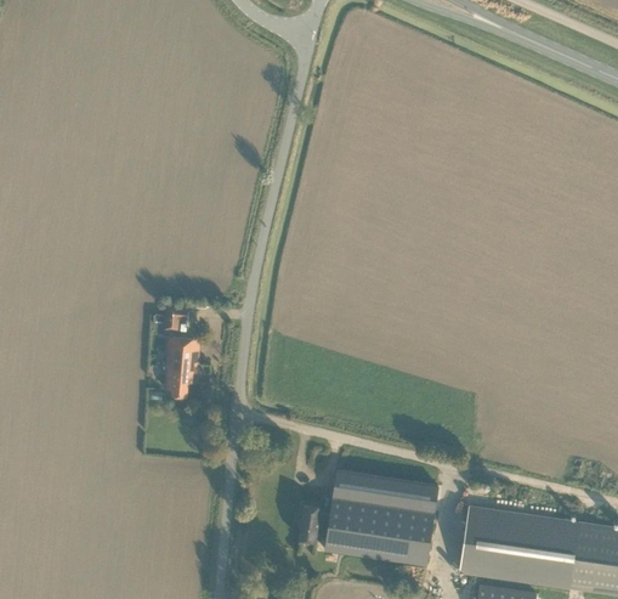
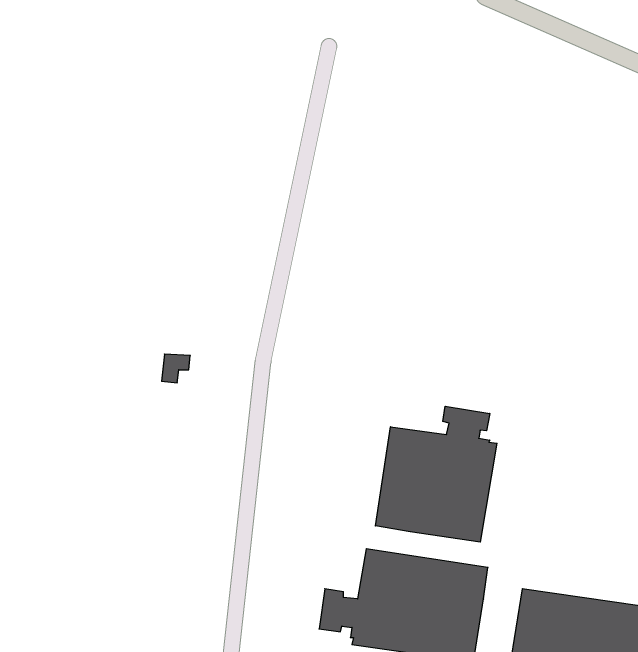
building: [164,335,199,396] -> none
building: none -> [375,406,497,542]

